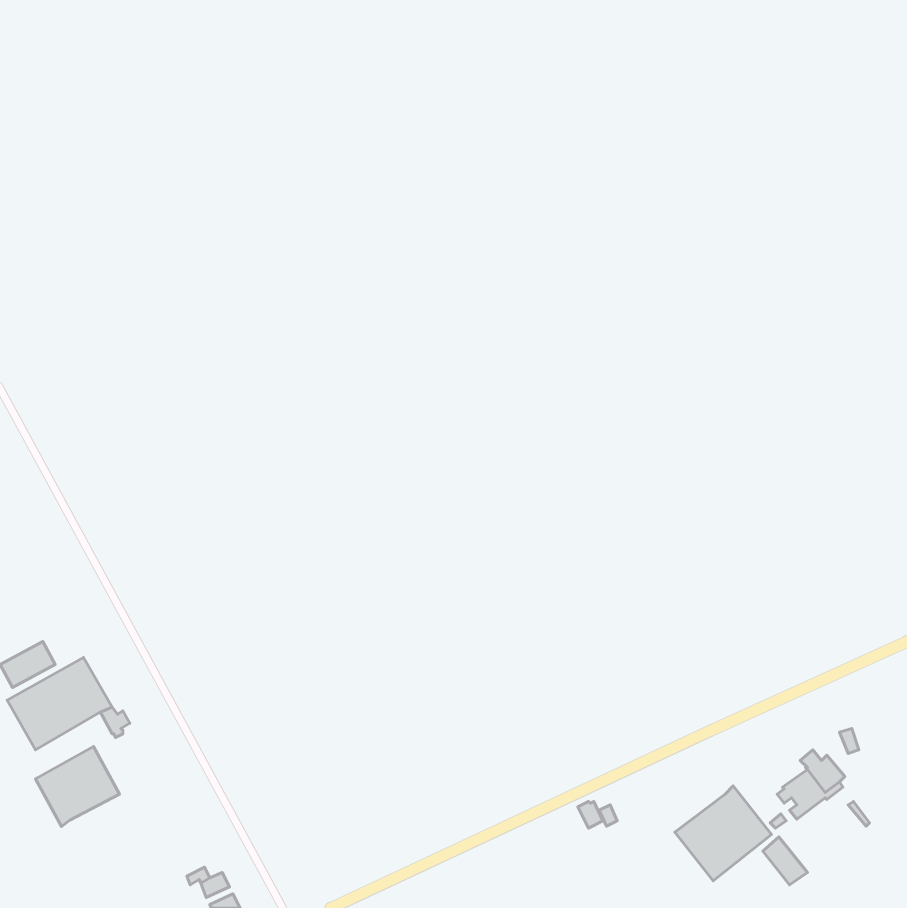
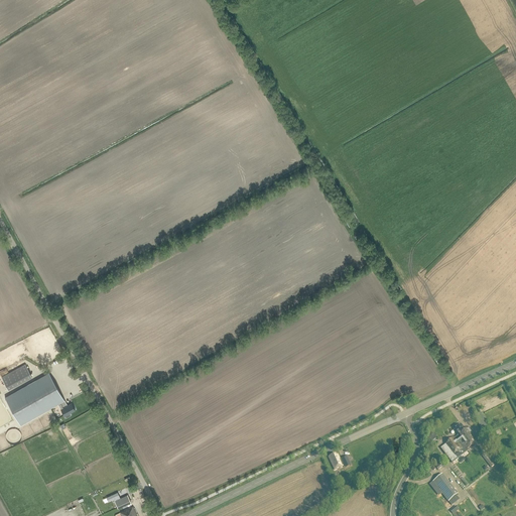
building: [35,747,119,826] -> none
building: [675,786,771,881] -> none

